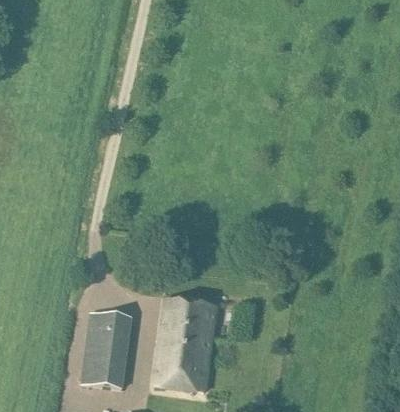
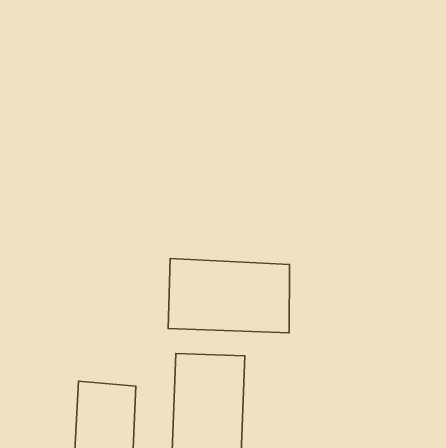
building: none -> [168,259,290,333]

